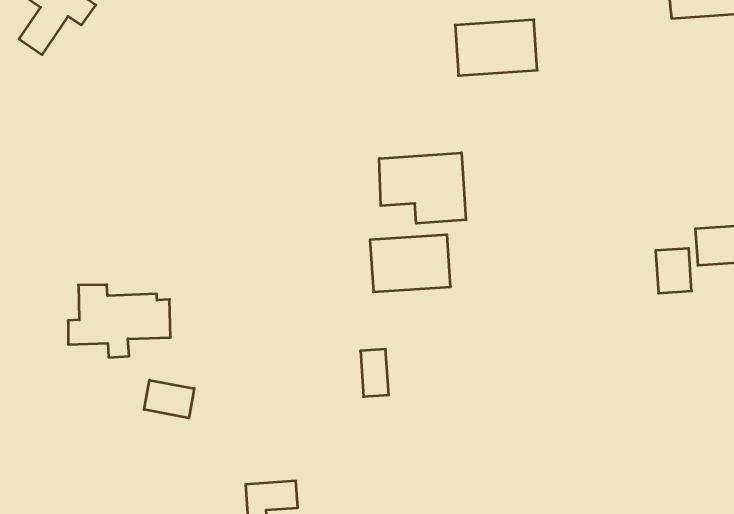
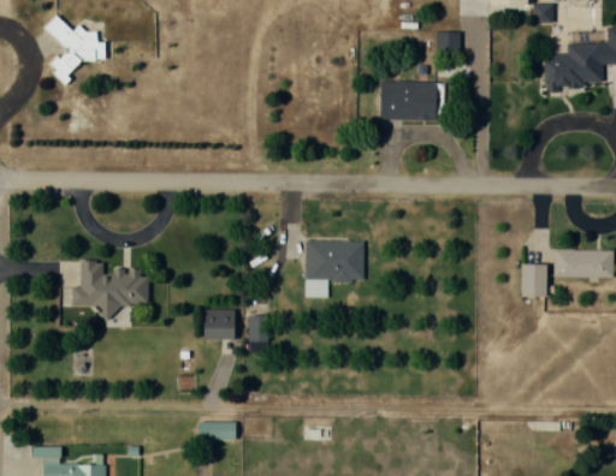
building: [379,153,466,223] -> none
building: none -> [203,309,233,338]
building: [360,349,389,397] -> [248,314,267,349]
building: [144,380,194,418] -> none

